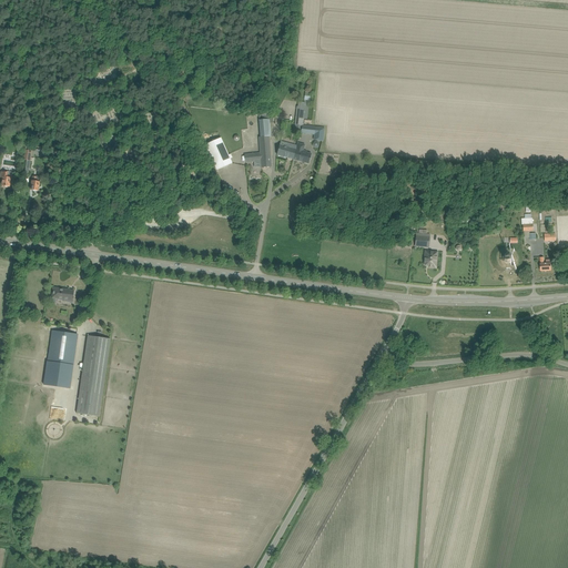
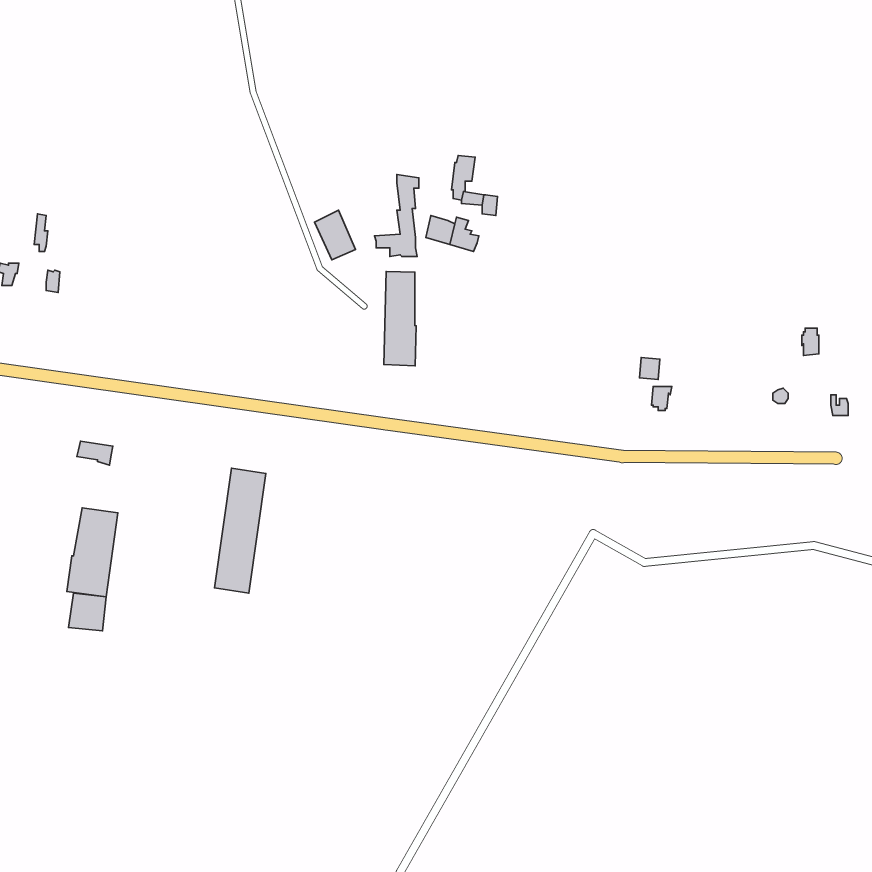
building: none -> [384,271,416,366]
building: [75,335,109,416] -> [215,468,266,593]

